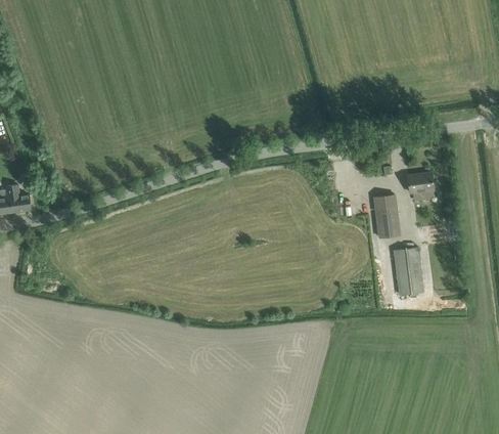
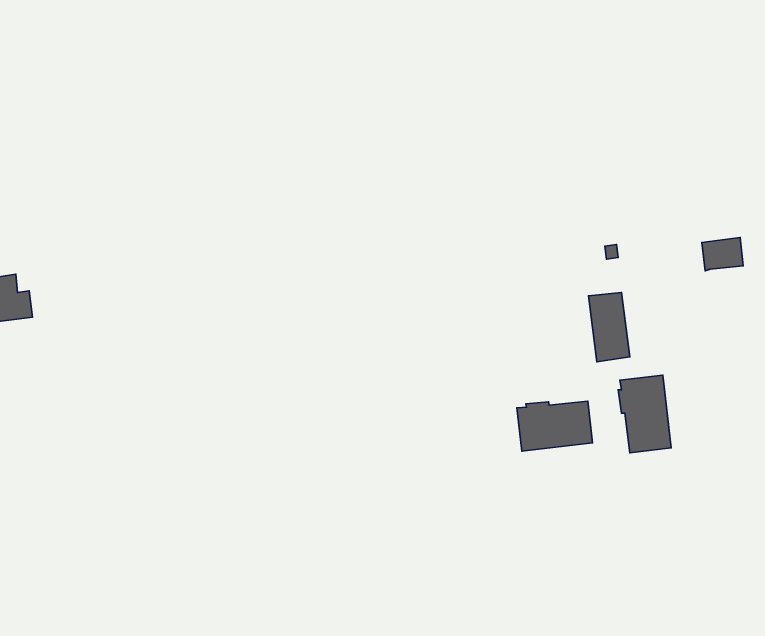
building: [406,173,432,193] -> [702,238,743,271]
building: none -> [517,401,593,451]

